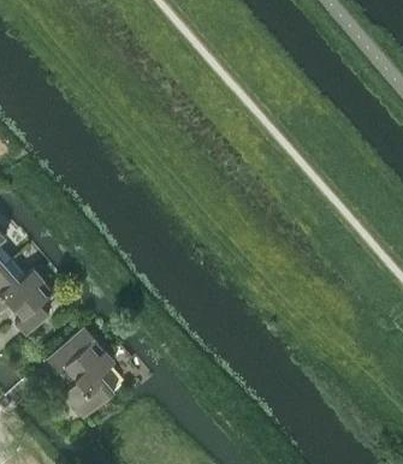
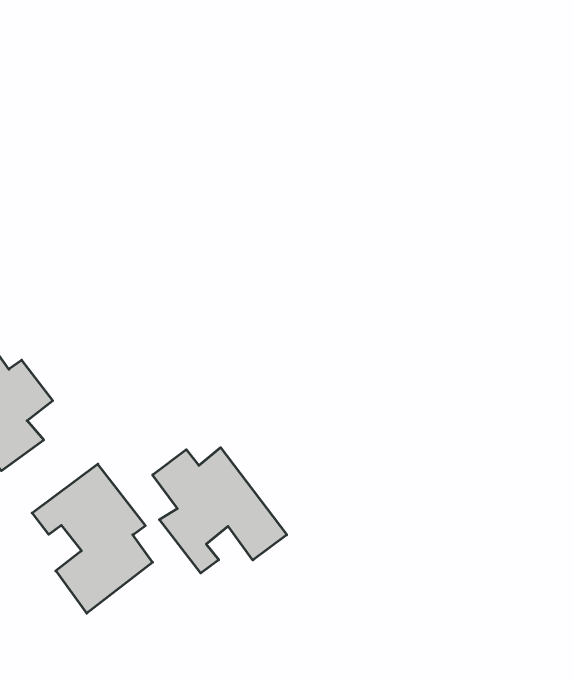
building: none -> [153,448,287,573]

